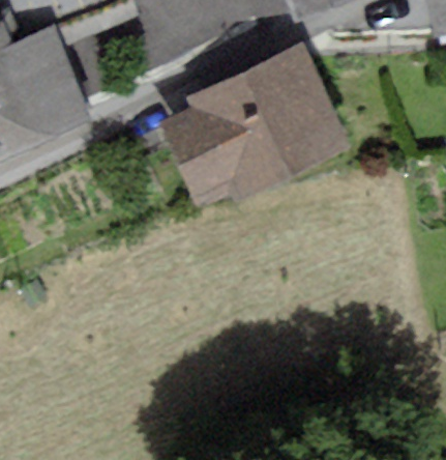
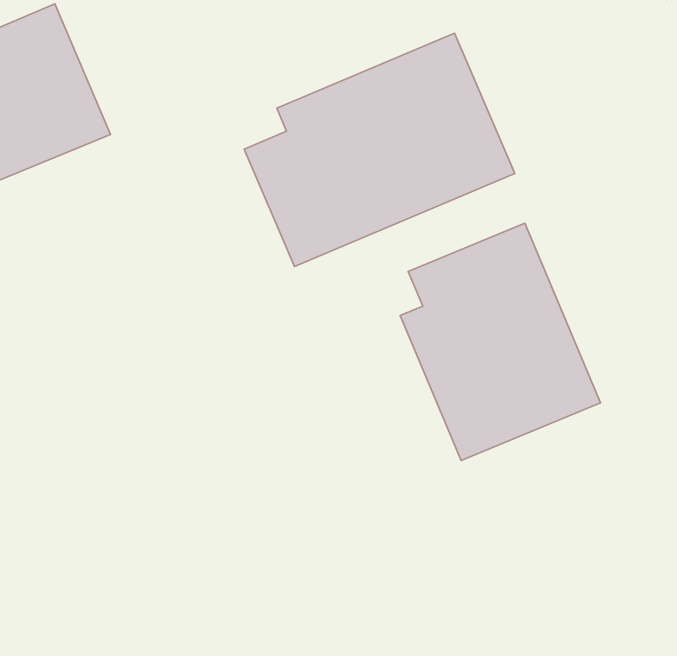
building: none -> [400,223,601,461]

